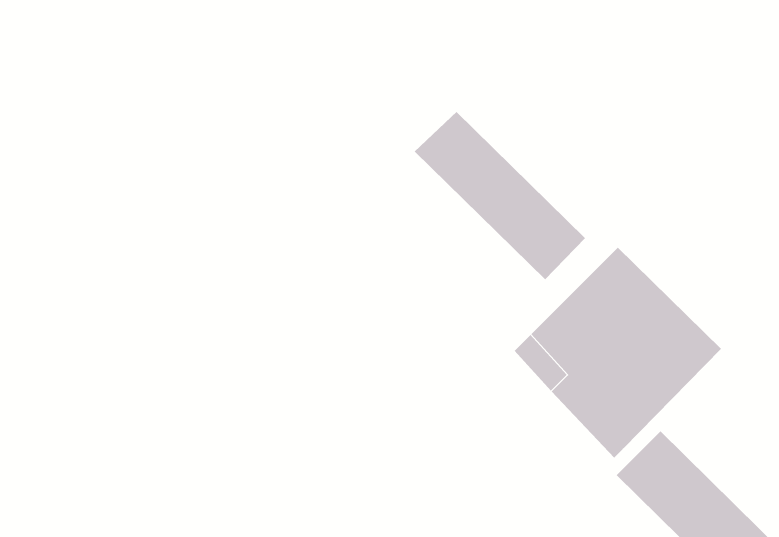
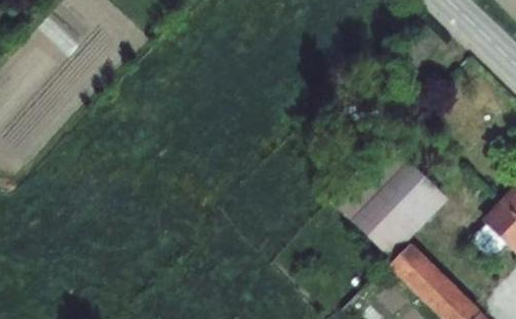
building: [414,111,586,280] -> none

